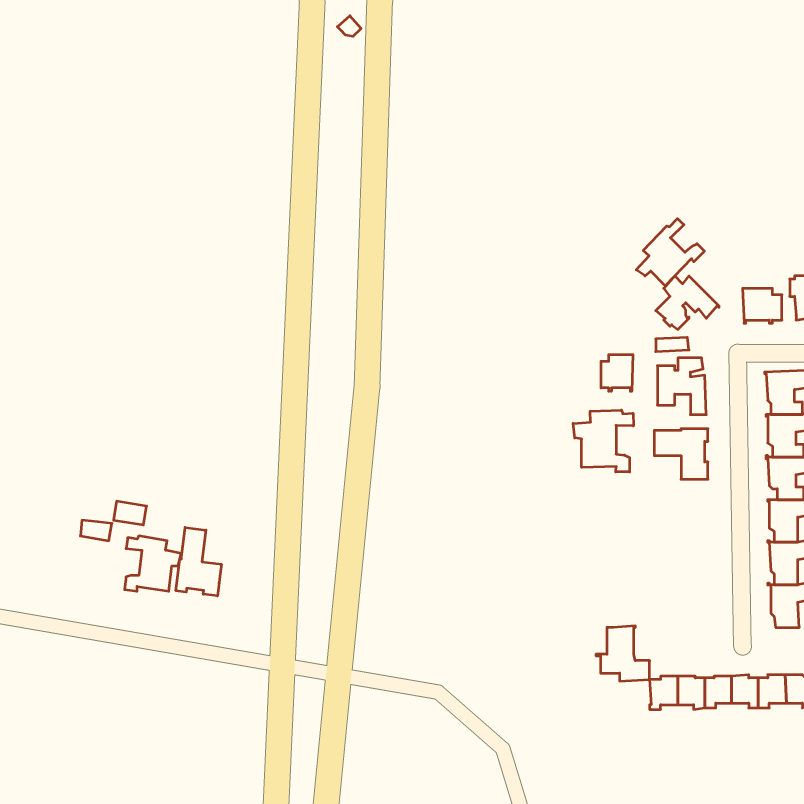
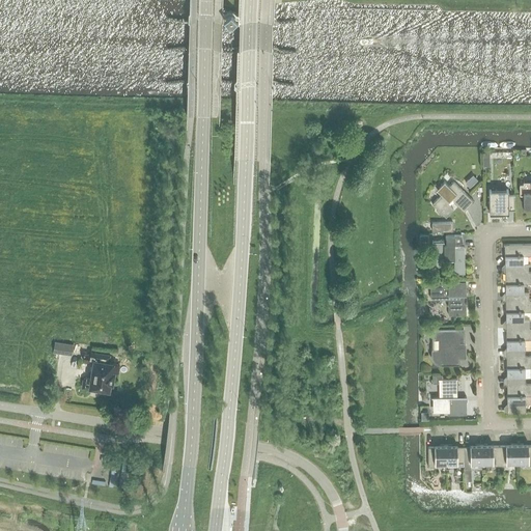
building: [636,219,704,286] -> none
building: [601,355,633,391] -> none
building: [573,410,633,472] -> none
building: none -> [432,330,467,366]
building: [176,527,221,596] -> none
building: [596,626,650,681] -> [432,380,468,416]

